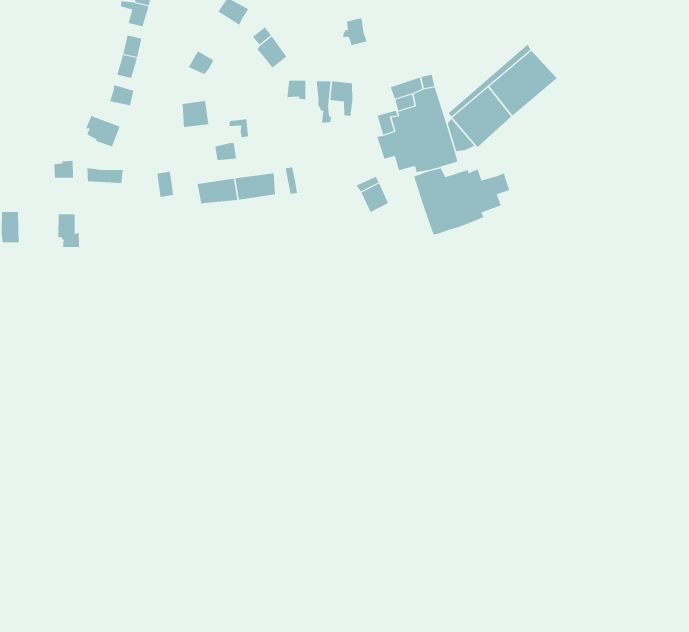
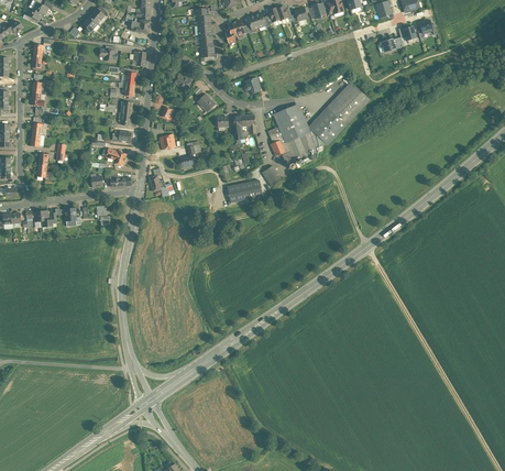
building: [414,168,510,236] -> none
building: none -> [226,178,261,201]

